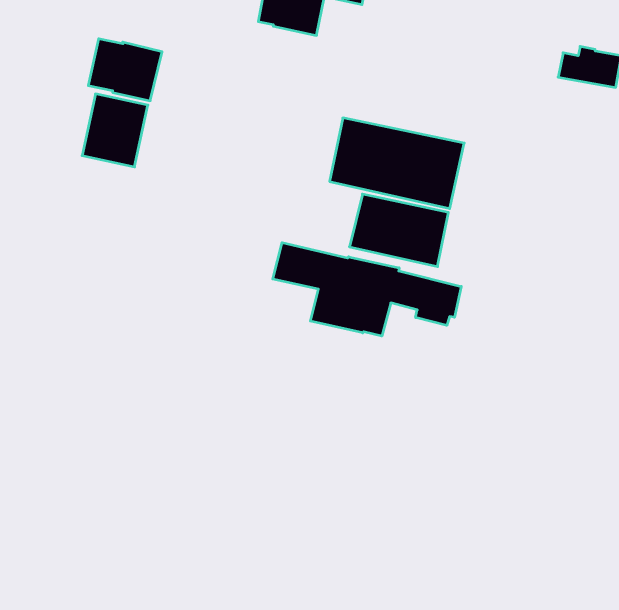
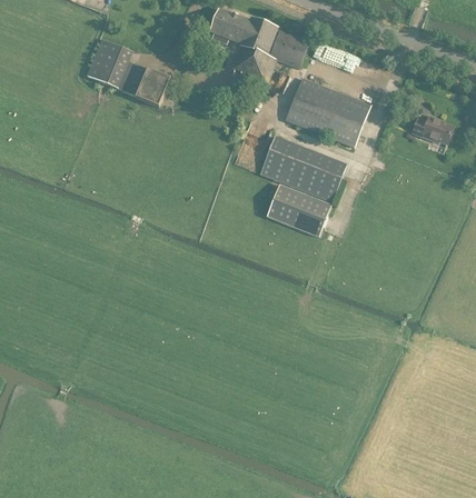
building: none -> [284,77,369,146]
building: [82,94,148,167] -> [86,38,131,87]
building: [273,243,461,336] -> none

